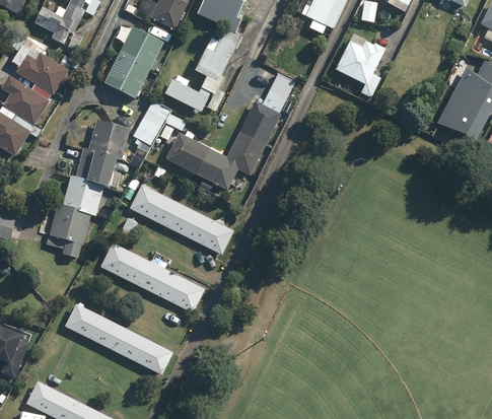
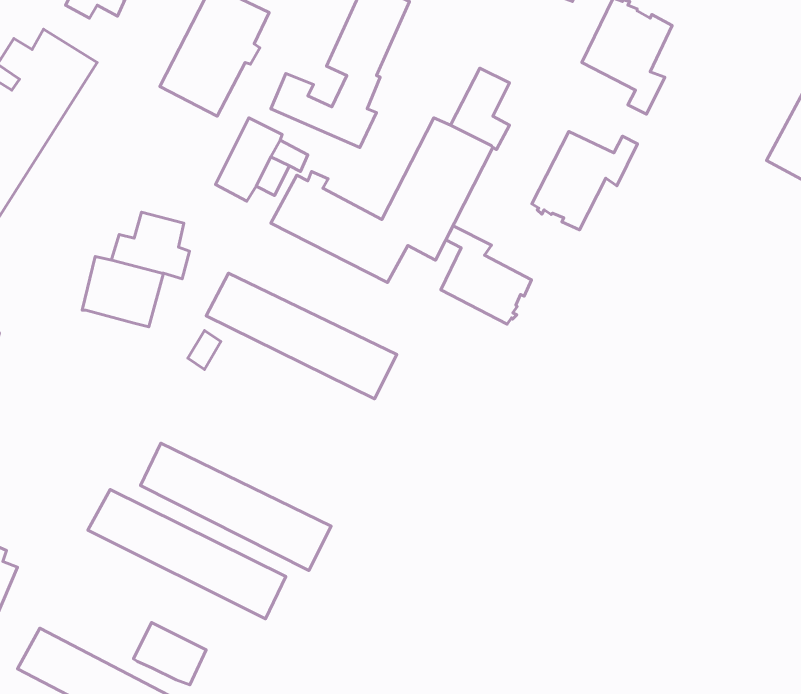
building: none -> [532,131,638,230]
building: [87,120,130,158] -> none
building: none -> [441,226,532,324]
building: [47,204,89,258] -> none
building: [100,242,205,312] -> [140,443,331,571]
building: none -> [134,623,206,685]

